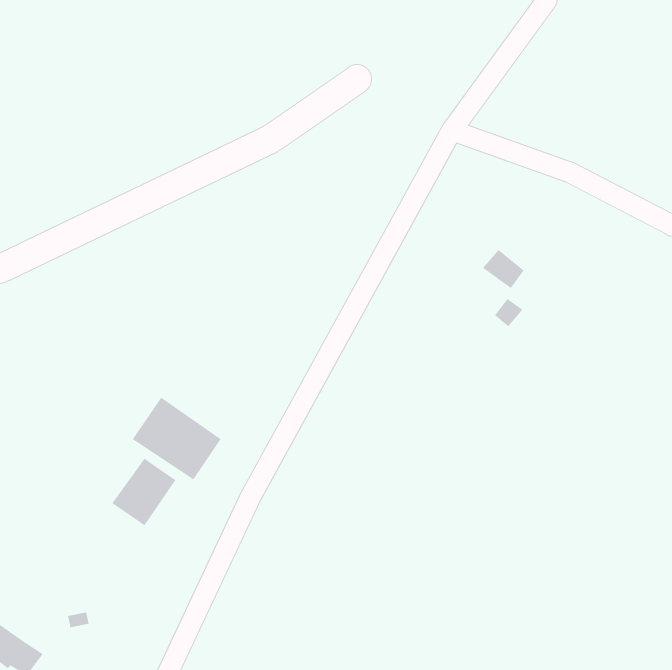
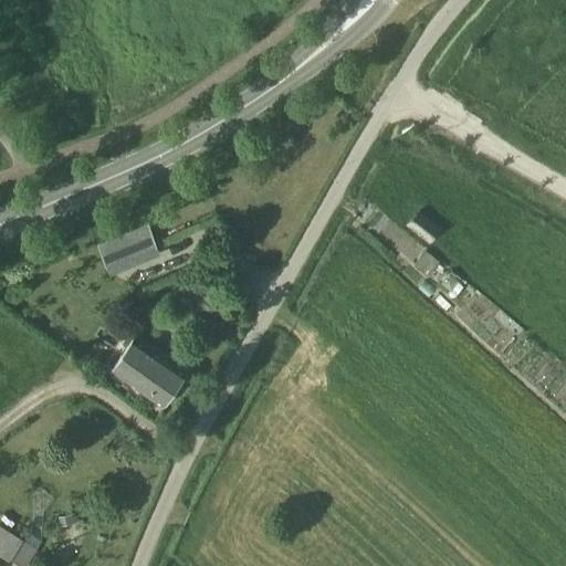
building: none -> [97,224,160,277]
building: [112,458,176,526] -> none

